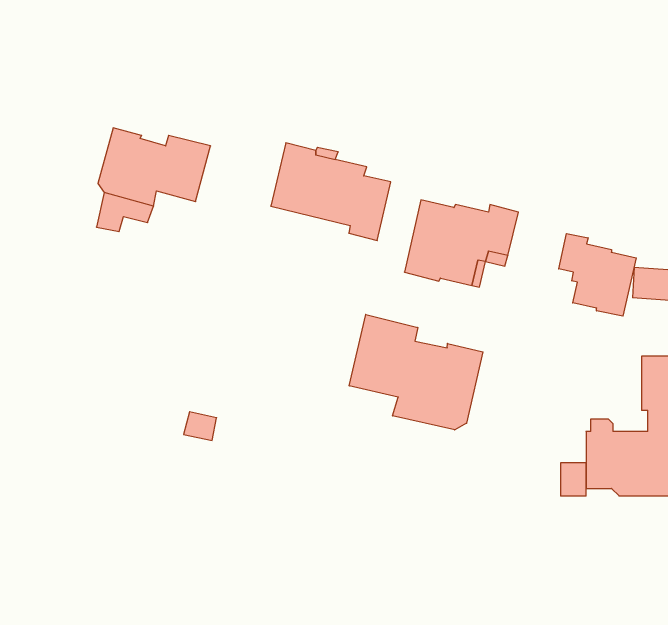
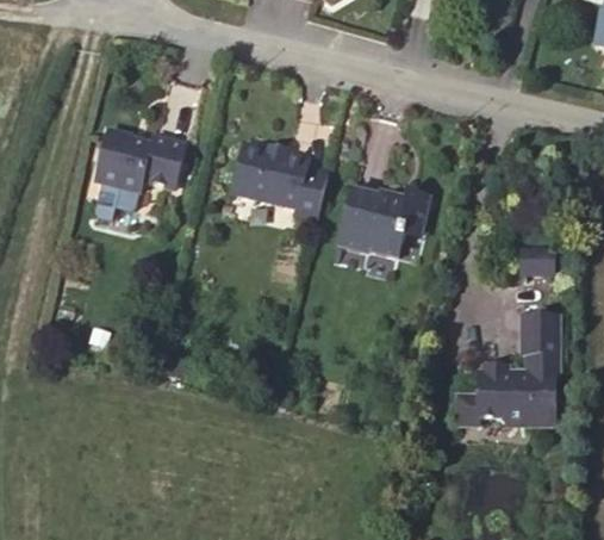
building: [559,234,636,316] -> none
building: [349,314,483,430] -> none

